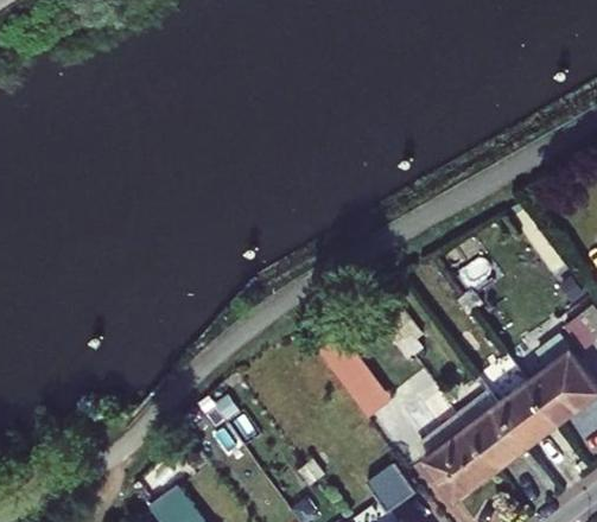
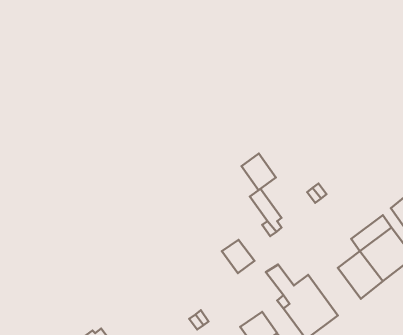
building: none -> [241,154,276,190]
building: [319,336,364,383] -> none
building: [458,393,529,470] -> none

